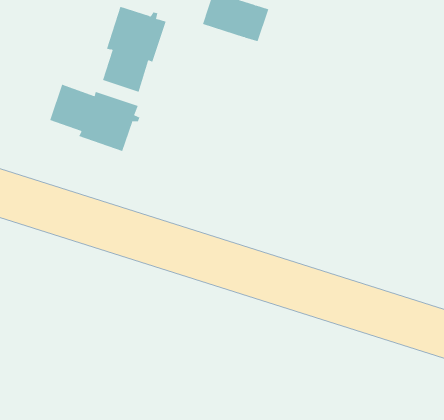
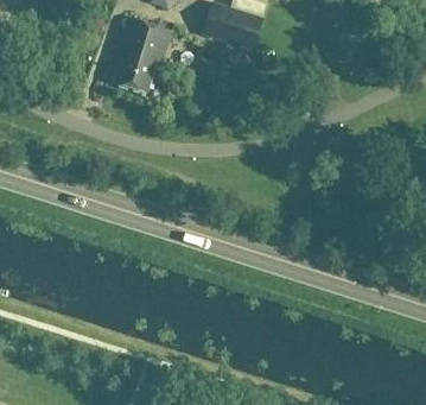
building: [50,84,140,152] -> none

